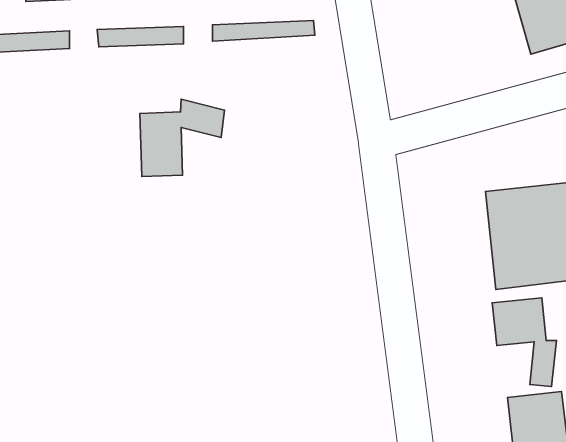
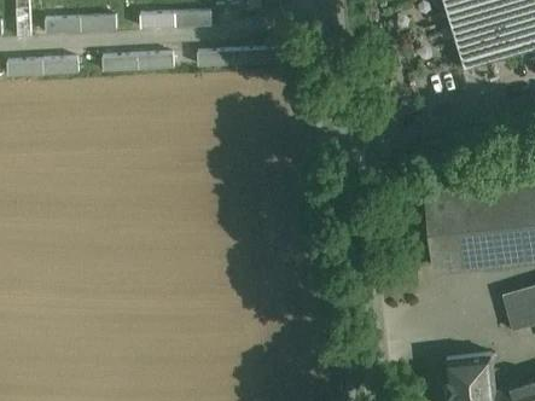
building: [140,99,225,177] -> none
building: [492,298,556,387] -> none

